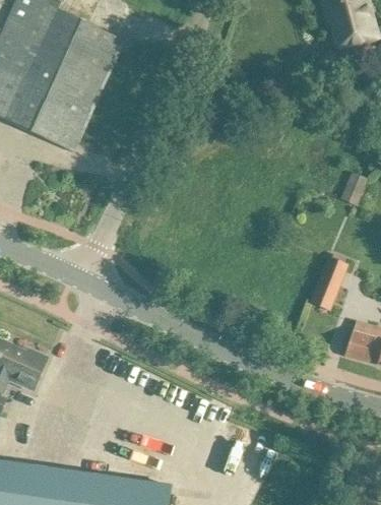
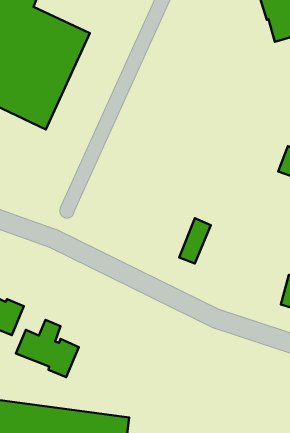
building: [310,256,346,309] -> [179,218,211,264]
building: none -> [16,320,79,377]

